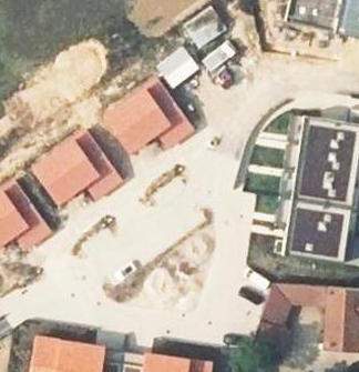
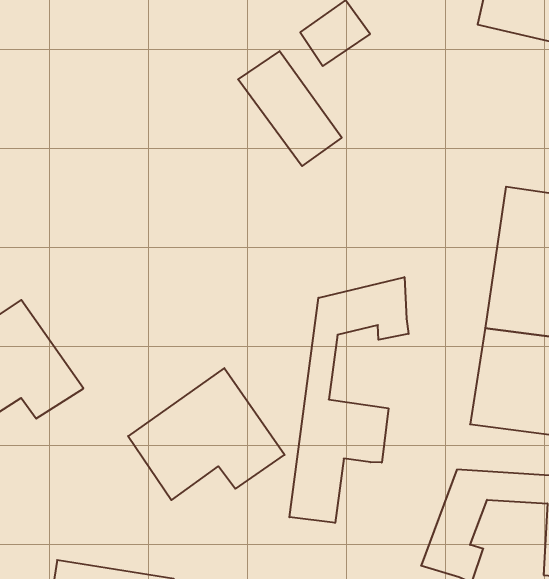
building: [102,76,196,157] -> none
building: [33,131,125,209] -> [128,368,285,500]
building: none -> [289,277,409,523]

